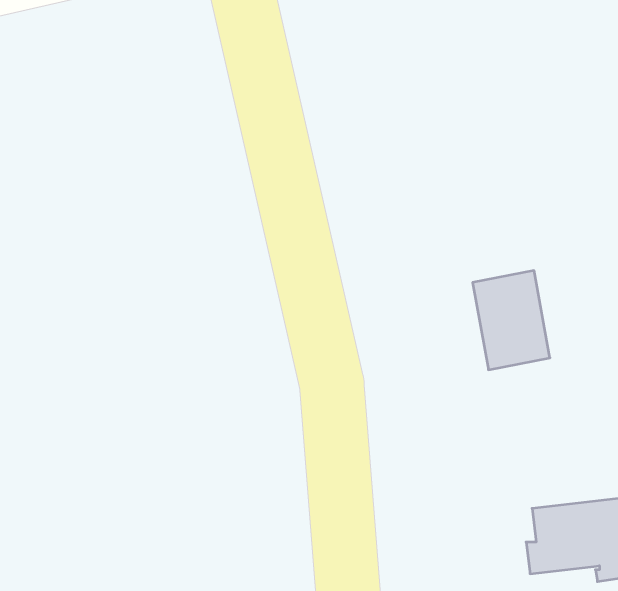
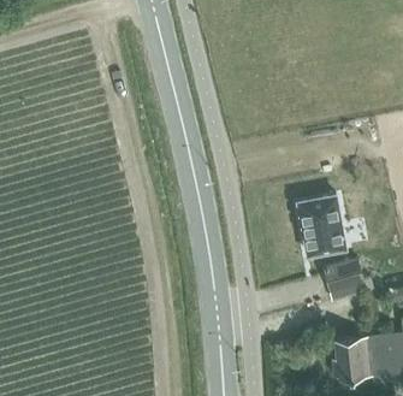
building: none -> [324,258,369,297]

